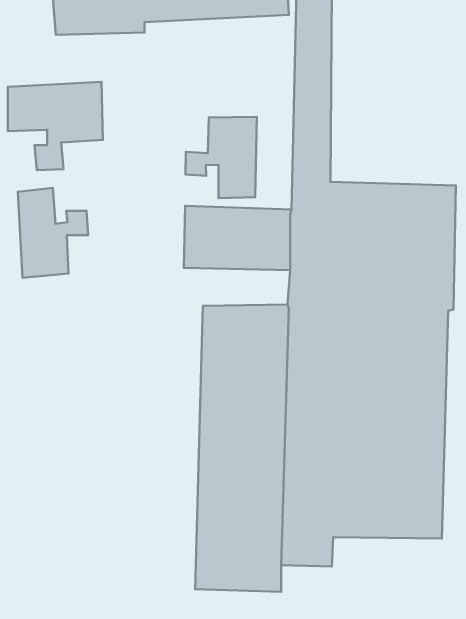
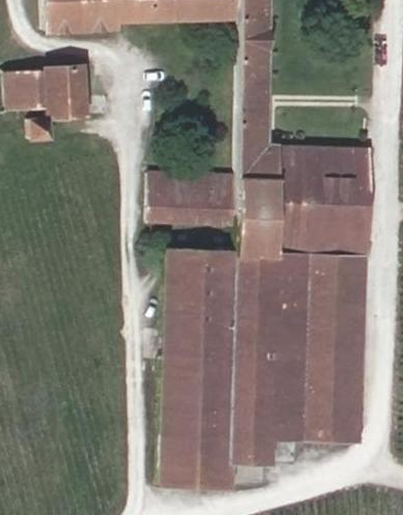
building: [185,117,257,198] -> none
building: [18,188,88,278] -> none

